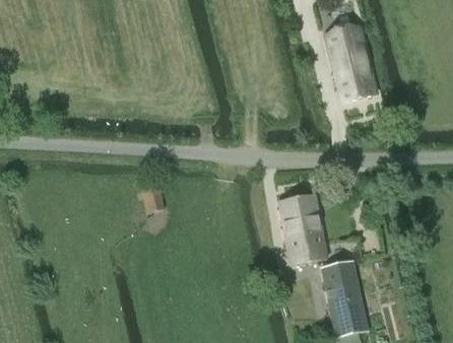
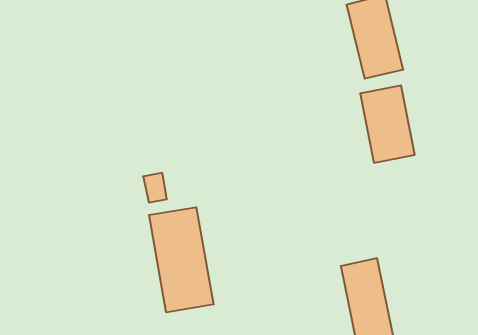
building: [279,194,328,263] -> [360,85,415,163]
building: none -> [149,207,213,312]

